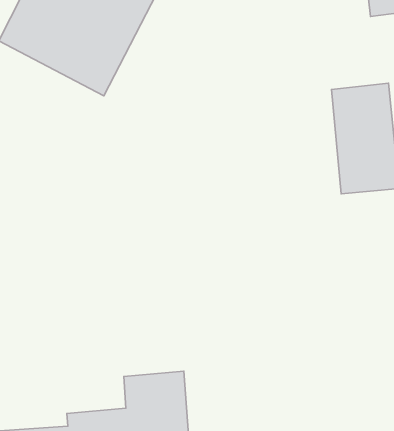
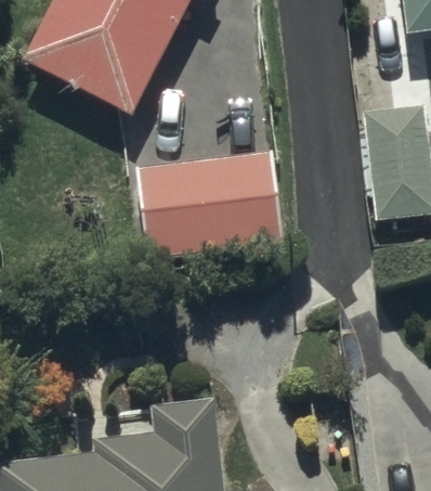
building: none -> [136,151,280,261]

